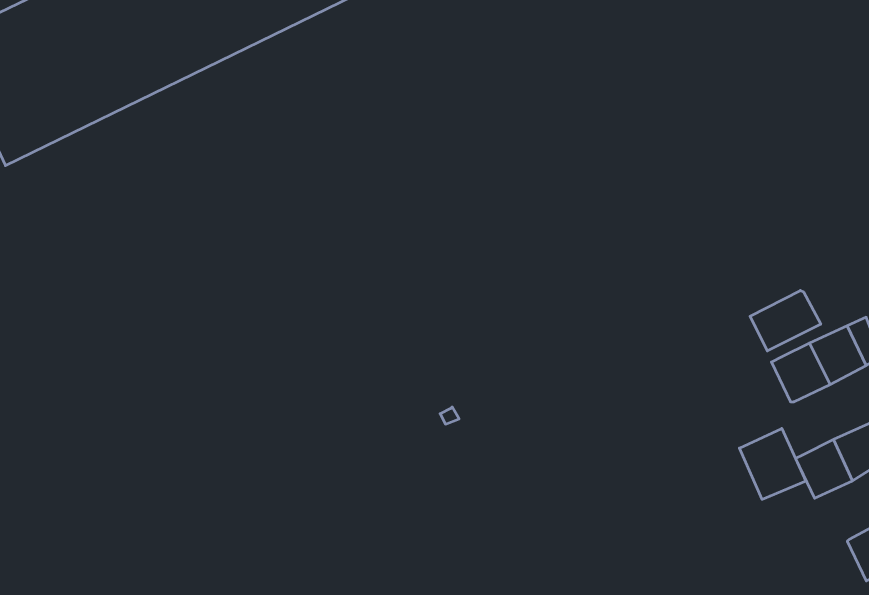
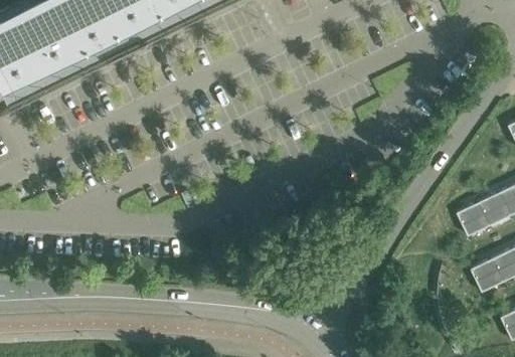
building: [750,290,821,351] -> none
building: [739,428,806,499] -> none

